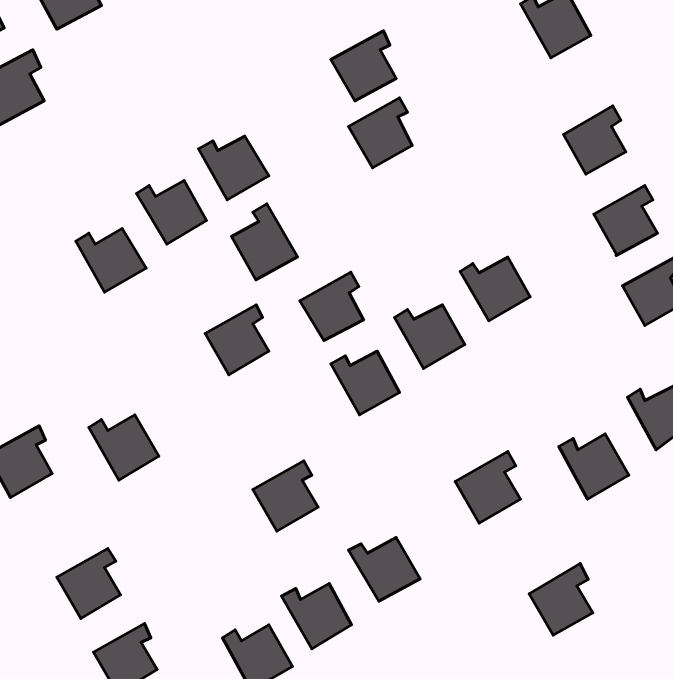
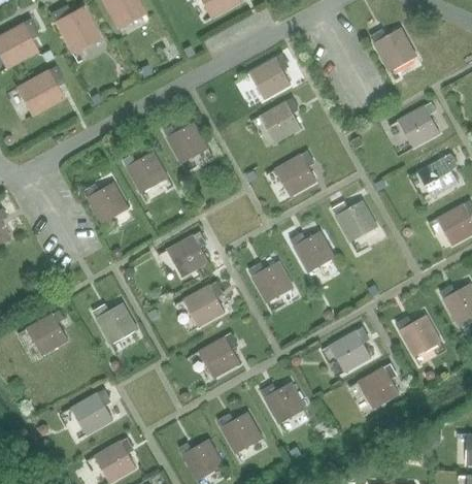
building: [232,204,297,280] -> none
building: [300,272,364,341] -> [275,151,316,195]
building: none -> [183,281,225,326]
building: [529,563,593,635] -> [358,362,399,409]

